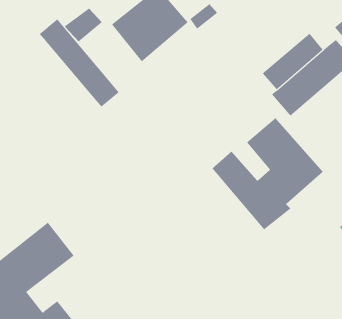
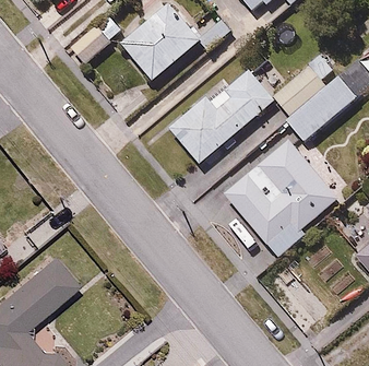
building: [39,18,120,108] -> none
building: none -> [167,70,275,165]

